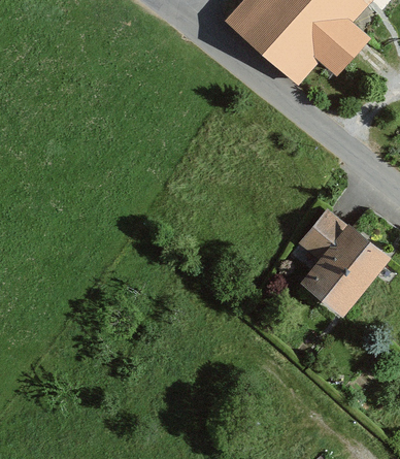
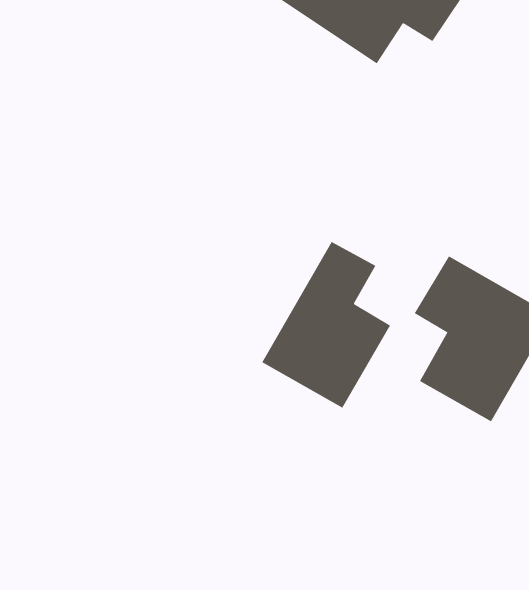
building: none -> [262,241,391,408]

